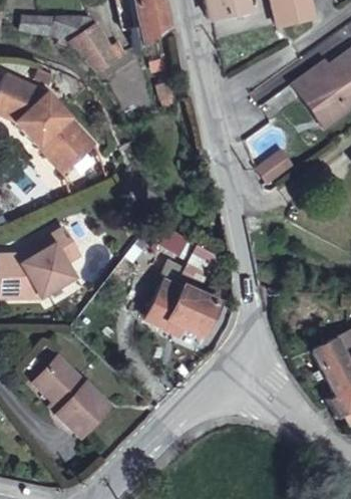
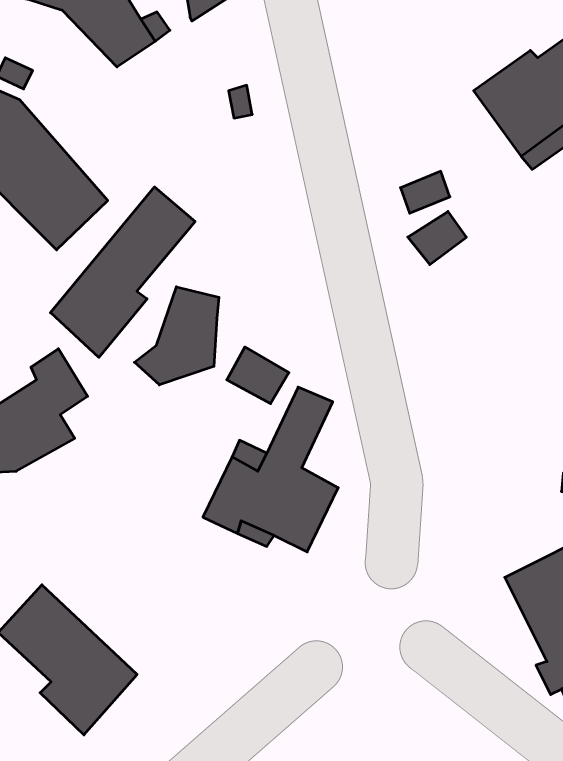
building: none -> [50,187,195,357]
building: none -> [134,287,219,385]

